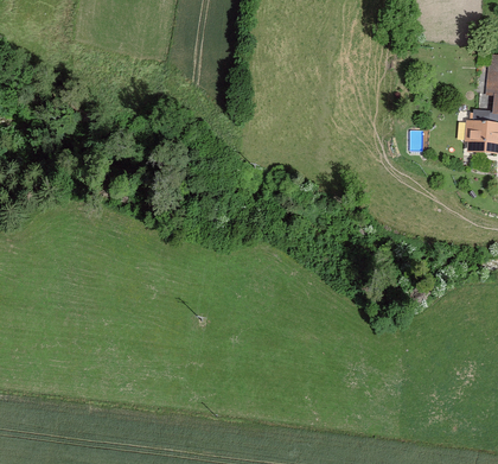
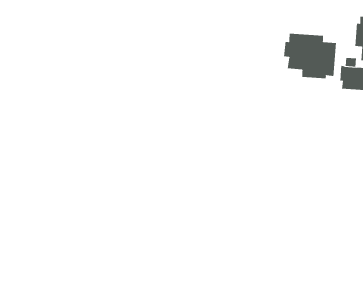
building: none -> [283,33,336,79]

